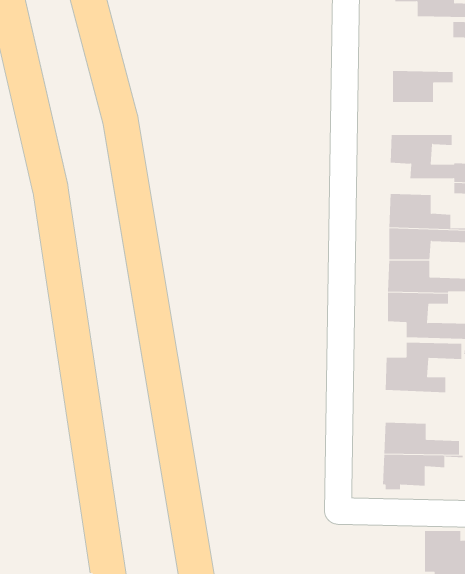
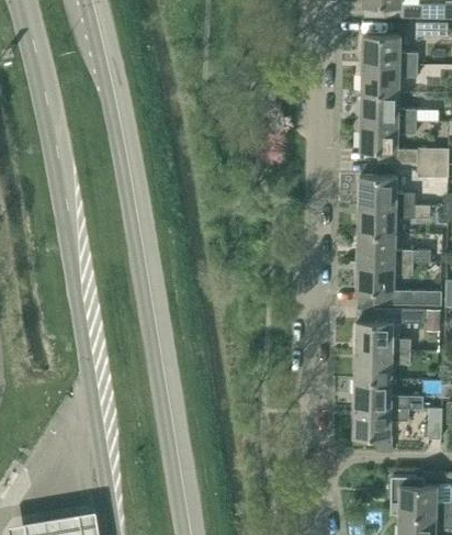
building: none -> [362,35,418,67]
building: none -> [361,94,417,123]
building: none -> [355,352,410,381]

